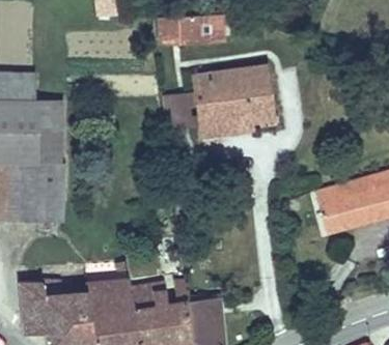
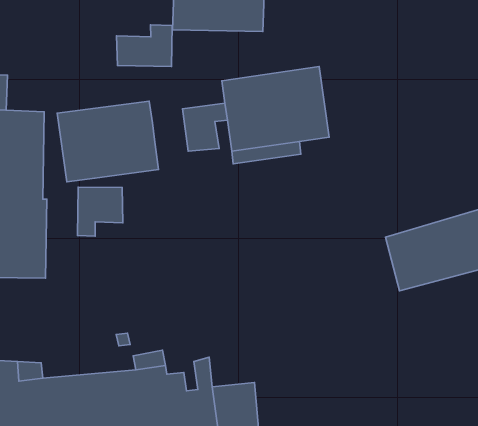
building: none -> [116,25,172,66]
building: none -> [57,101,159,182]
building: none -> [77,187,123,236]

